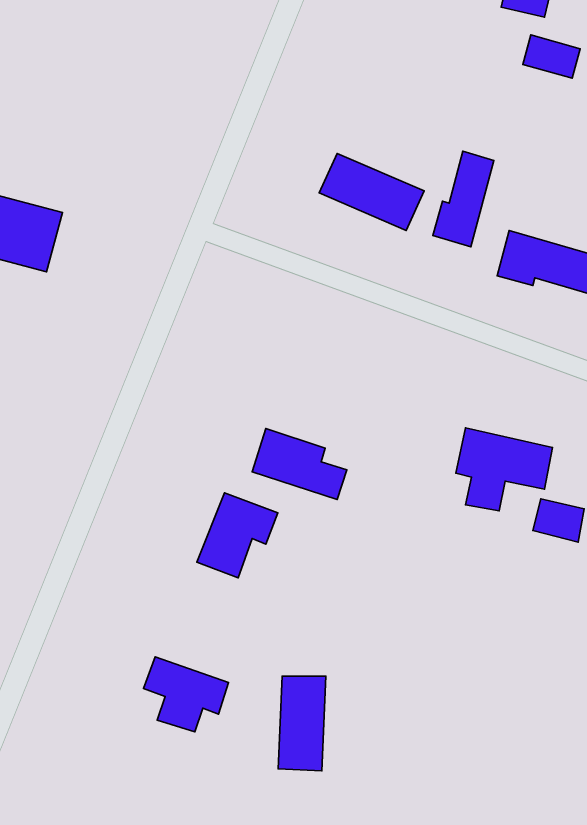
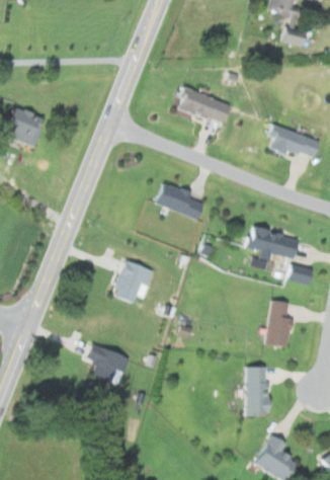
building: [433,151,494,247] -> none
building: [252,428,347,500] -> [155,182,203,219]
building: none -> [267,301,291,346]
building: [278,676,326,771] -> [245,367,269,415]

